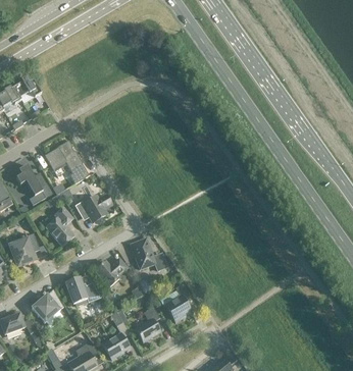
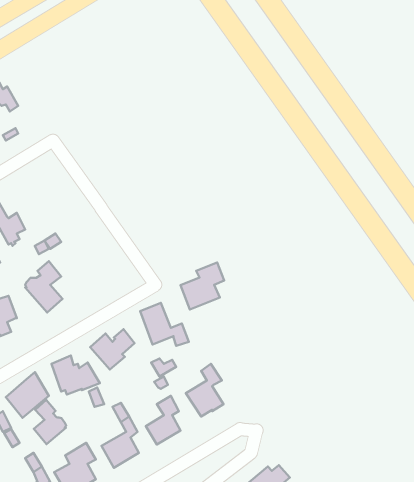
building: [45,141,89,183] -> none
building: [74,195,111,222] -> none
building: none -> [181,262,224,309]
building: none -> [34,400,66,444]

